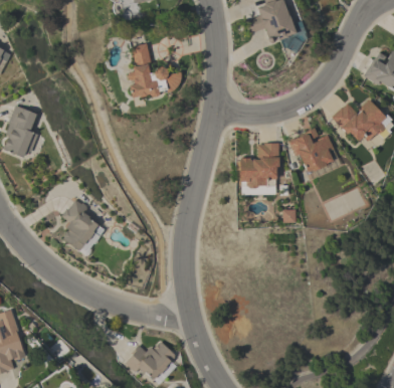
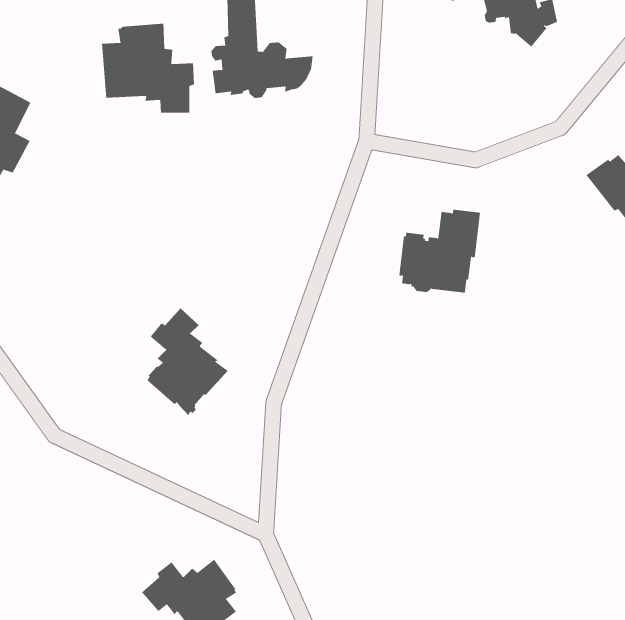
building: none -> [102,23,194,113]
building: [287,128,341,180] -> none
building: [61,199,105,255] -> [147,307,228,416]

